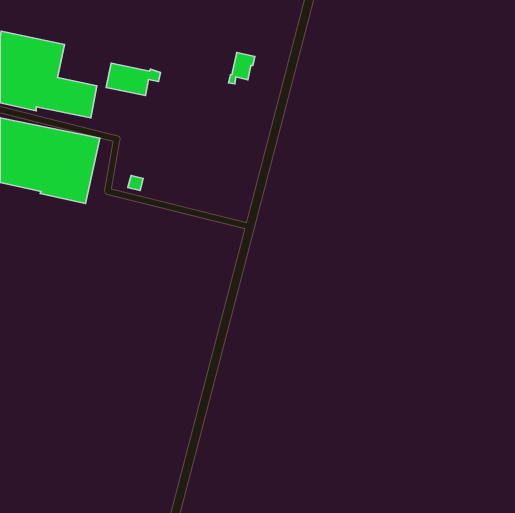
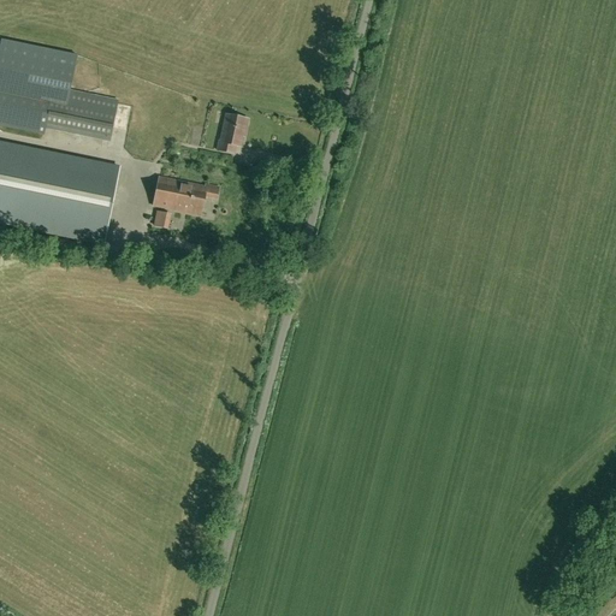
building: [229,53,255,84] -> [217,113,248,150]
building: [106,63,160,96] -> [153,176,218,214]

